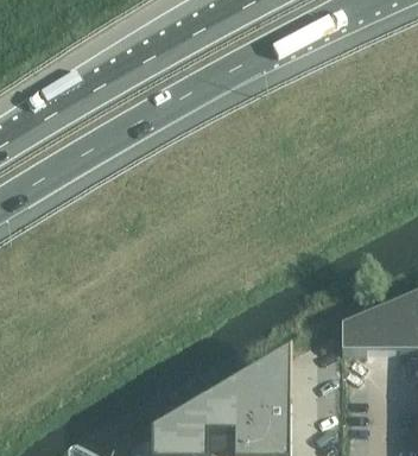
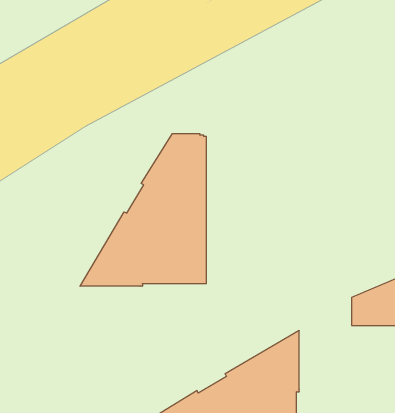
building: none -> [80,134,206,286]

